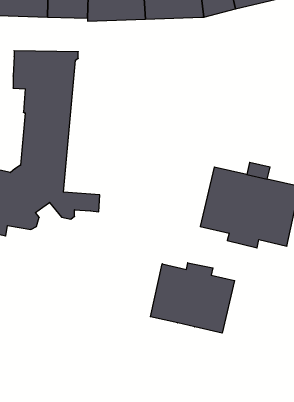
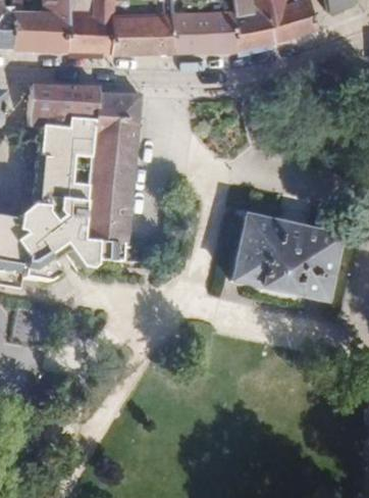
building: none -> [85,94,142,244]
building: [150,263,235,333] -> none

